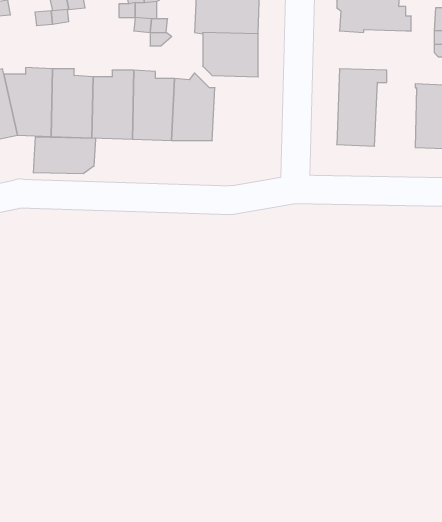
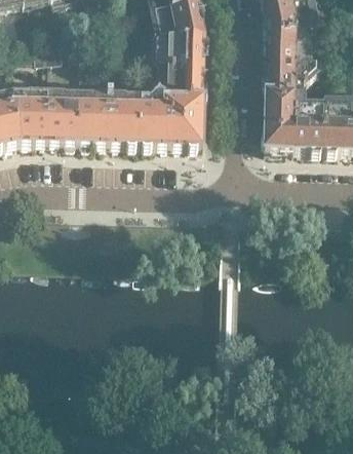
building: none -> [263,58,316,88]
building: none -> [156,85,204,143]
building: none -> [292,98,324,147]
building: [34,137,95,174] -> none

